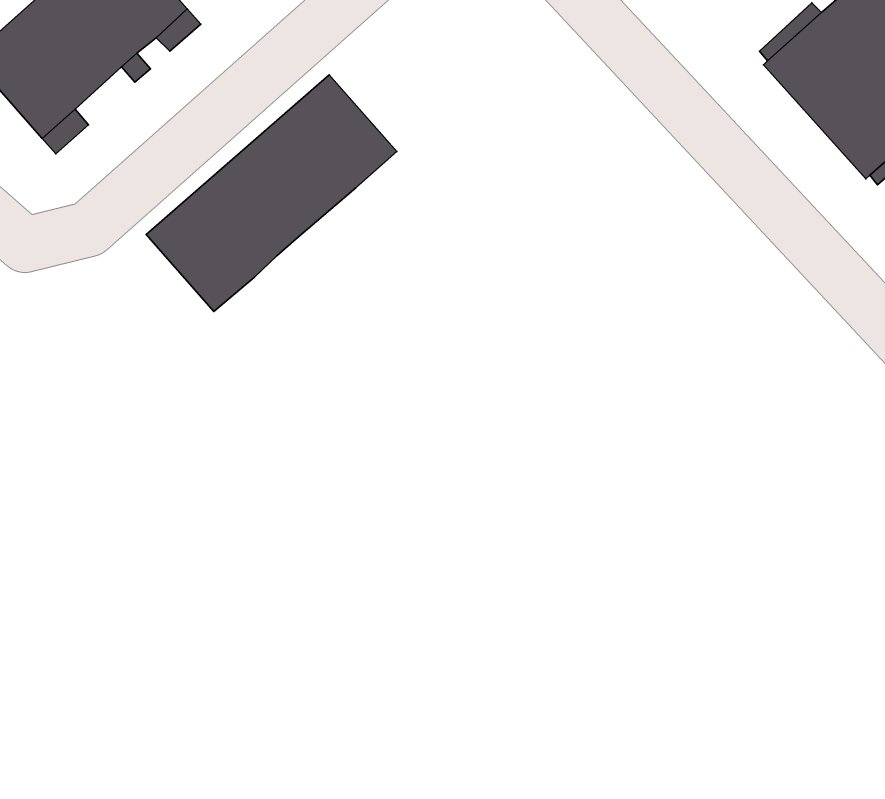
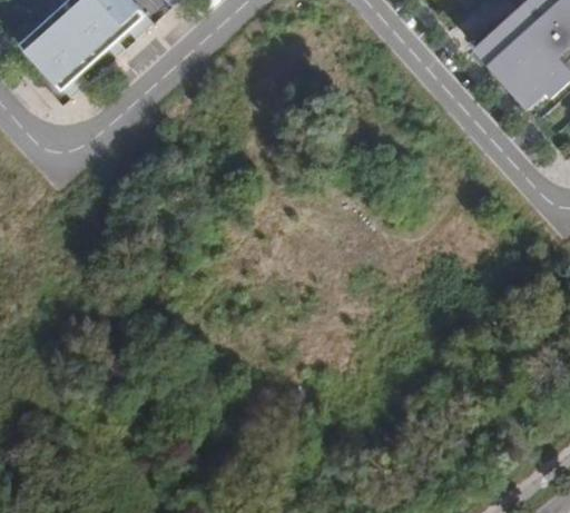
building: [146,75,397,311] -> none

